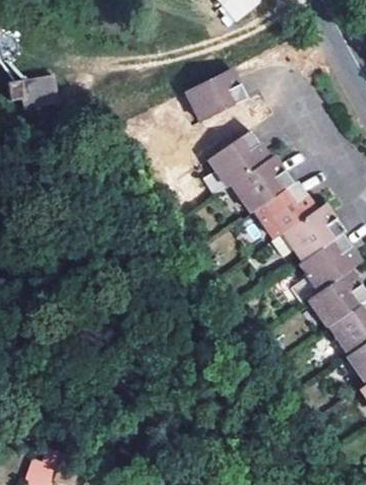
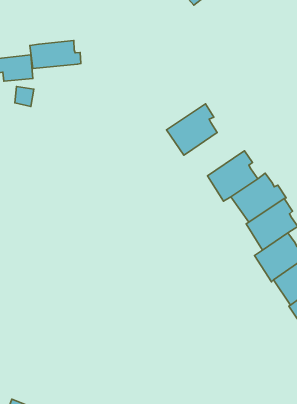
building: none -> [30,40,81,68]
building: [186,71,246,122] -> none
building: [231,160,293,214] -> none

